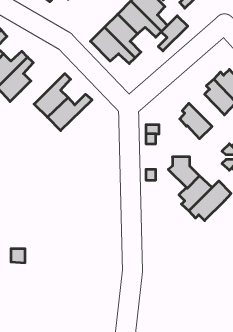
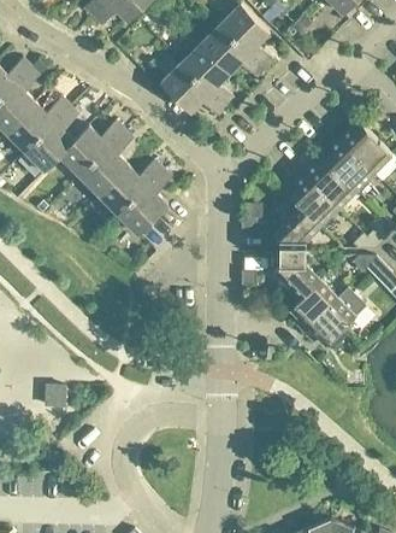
building: [158,16,188,51] -> none
building: none -> [59,122,123,175]
building: none -> [303,160,355,207]
building: none -> [117,169,171,234]
building: none -> [273,206,319,252]

